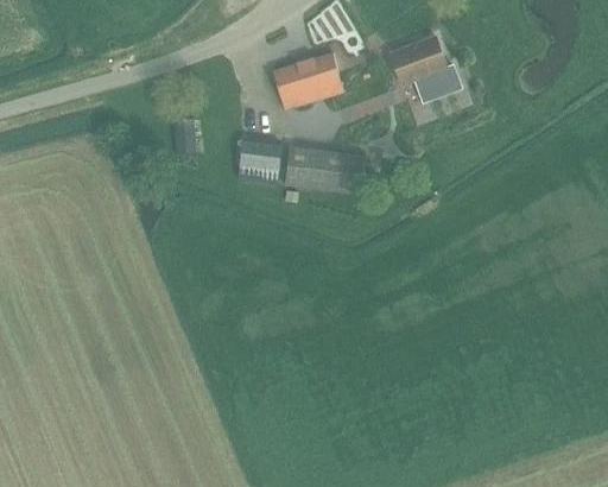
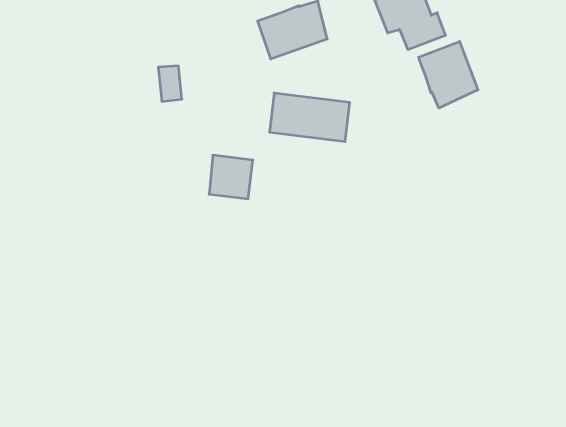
building: none -> [418,41,478,108]
building: [238,139,281,183] -> [209,155,253,199]

